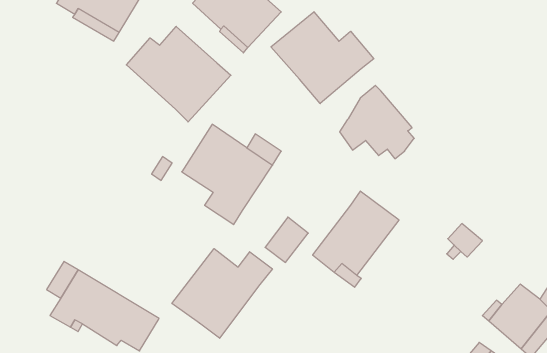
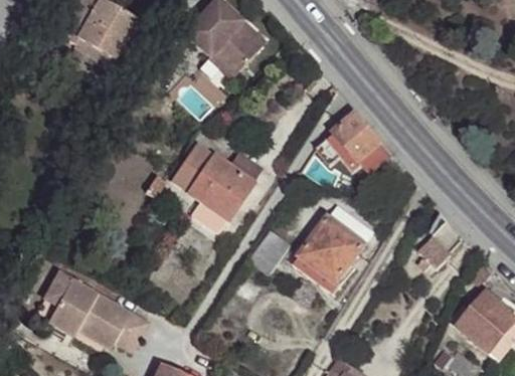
building: [271,12,374,104] -> none
building: [126,26,231,122] -> none
building: [172,249,272,338] -> none

